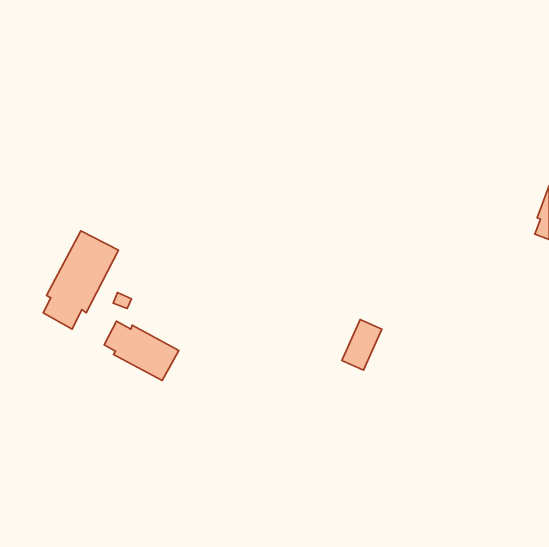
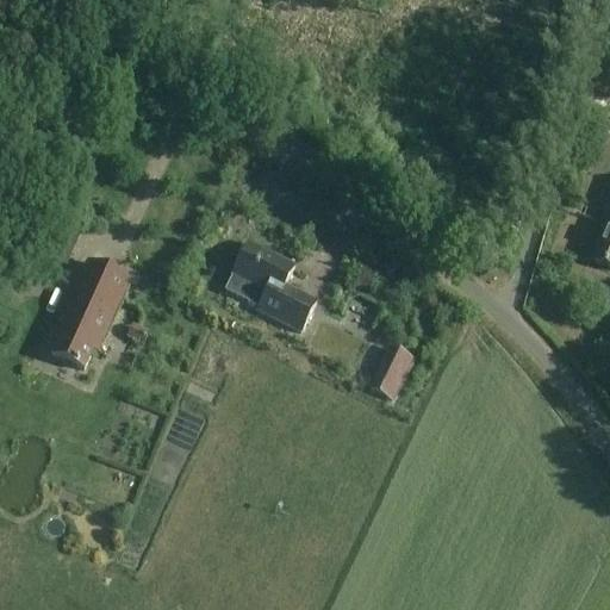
building: none -> [230,242,315,330]
building: [104,321,179,381] -> none

